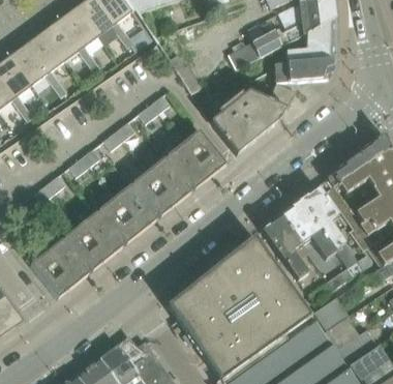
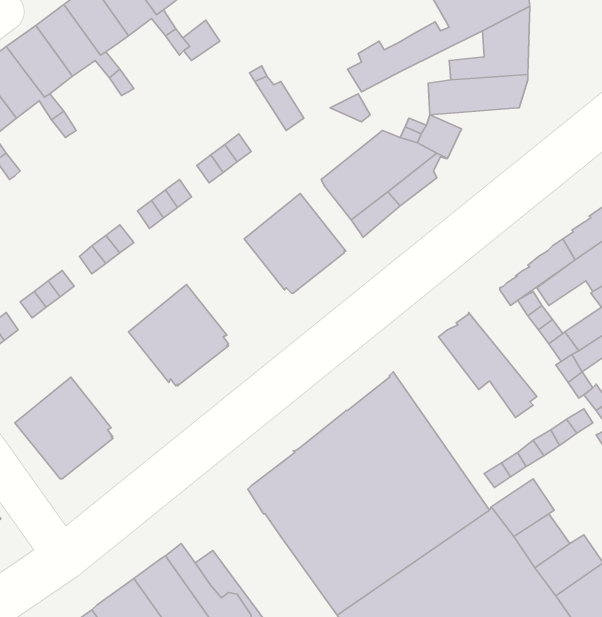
building: [131,156,190,216] -> none
building: [298,186,344,249] -> none
building: [63,211,122,270] -> none
building: [262,214,308,282] -> none

